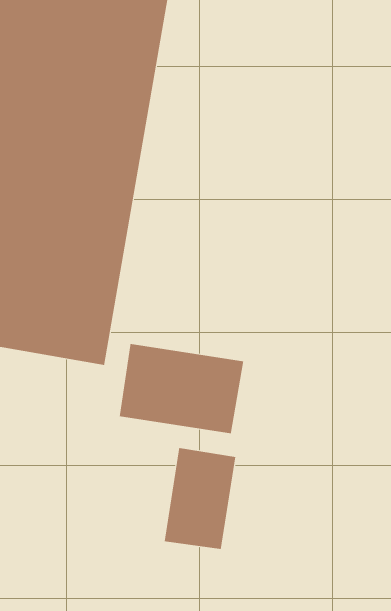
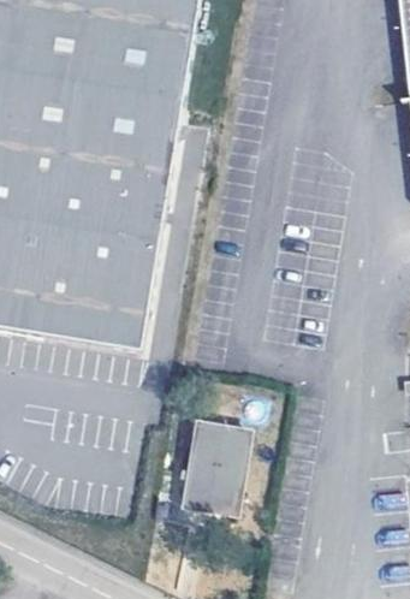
building: [119,343,244,434] -> none

